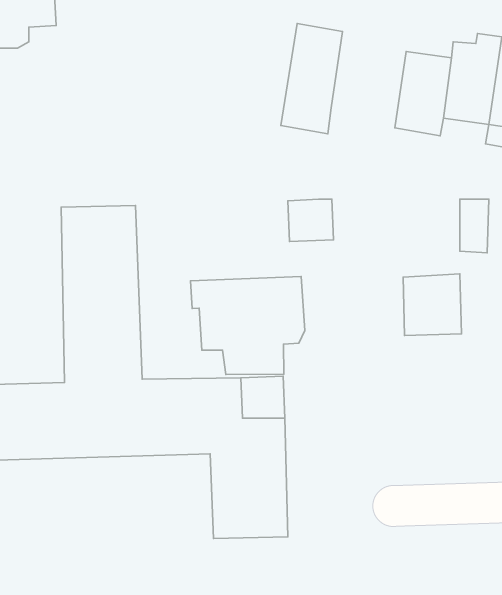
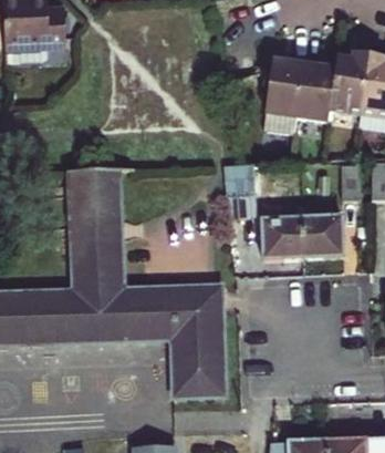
building: [281,23,342,134] -> [262,58,304,133]
building: [190,276,305,375] -> none
building: none -> [261,217,303,257]

